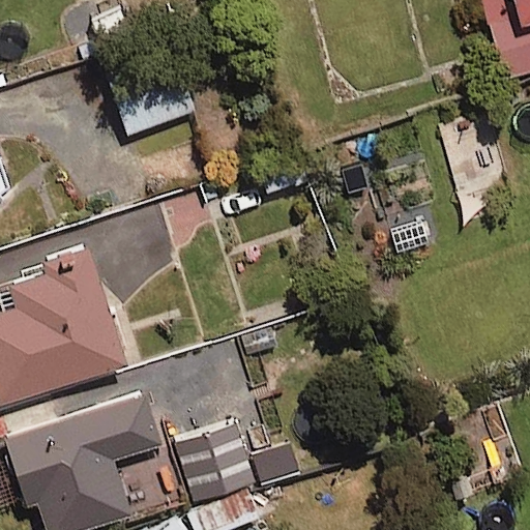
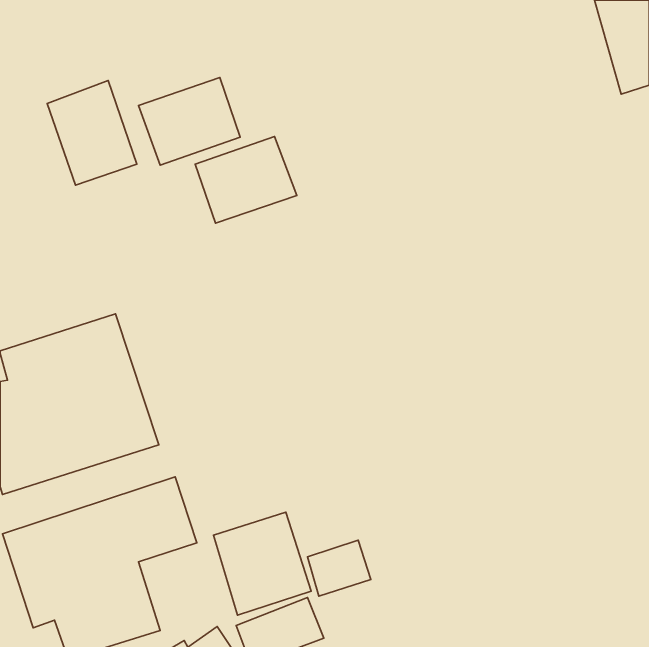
building: none -> [47,80,137,185]
building: none -> [195,136,297,223]

